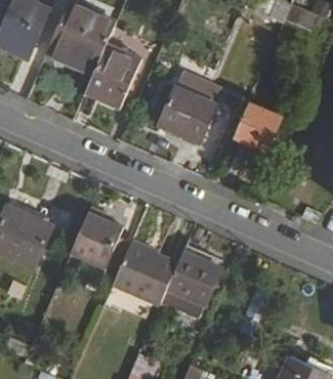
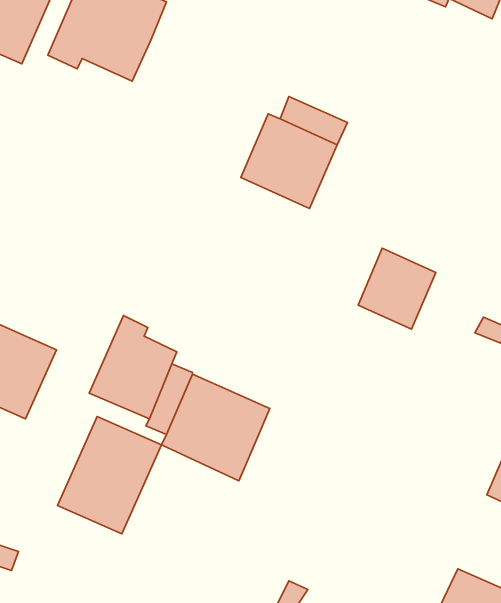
building: [89,42,143,107] -> none
building: [234,101,280,150] -> [358,248,436,329]
building: [162,250,221,315] -> none
building: none -> [58,417,161,534]

